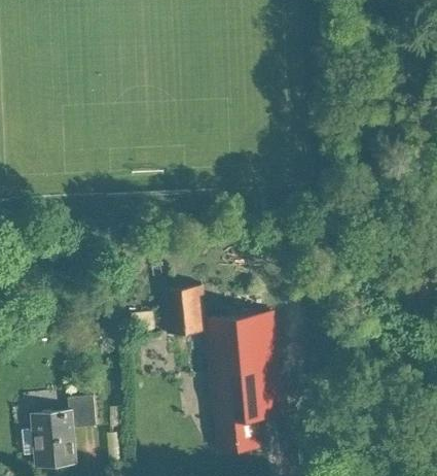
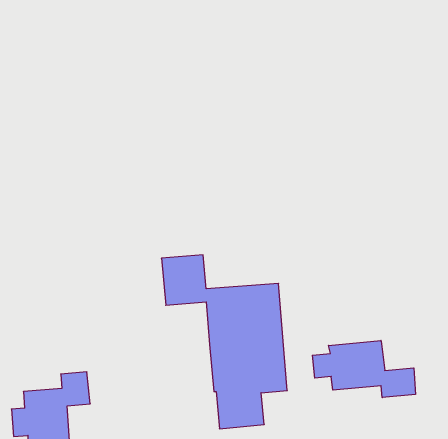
building: none -> [312,340,415,398]

